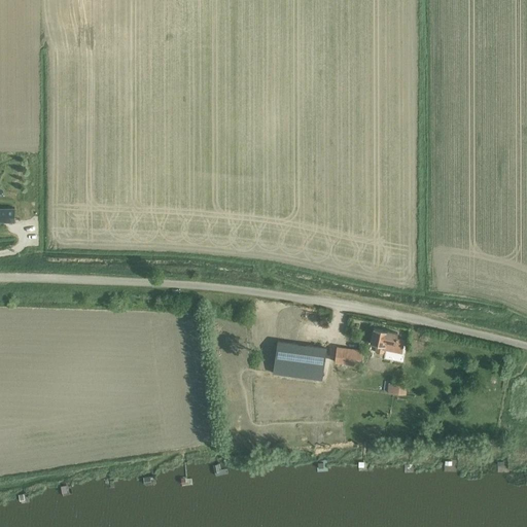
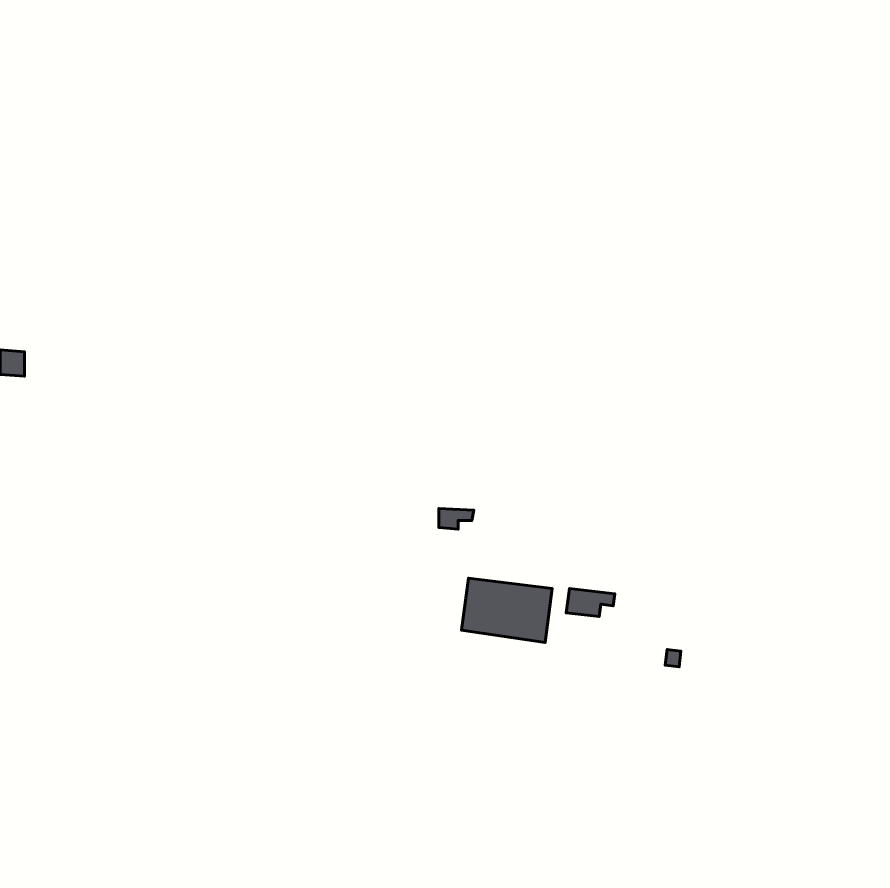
building: [371,329,403,355] -> none

